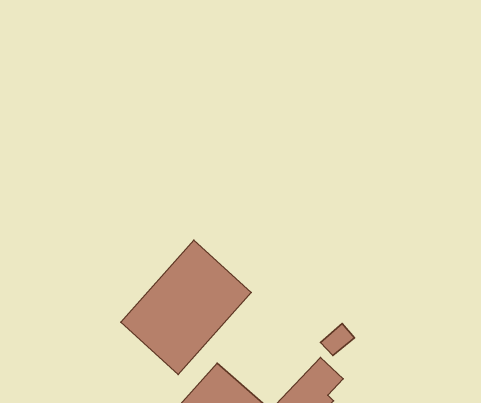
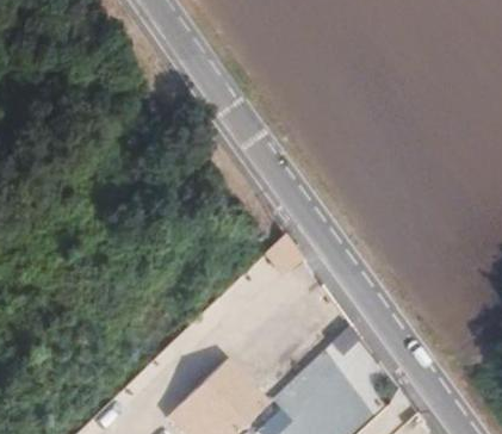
building: [121,240,251,374] -> none

